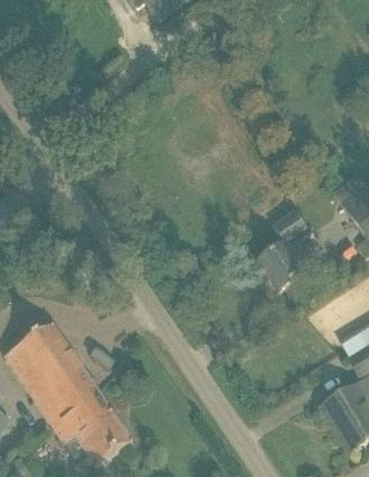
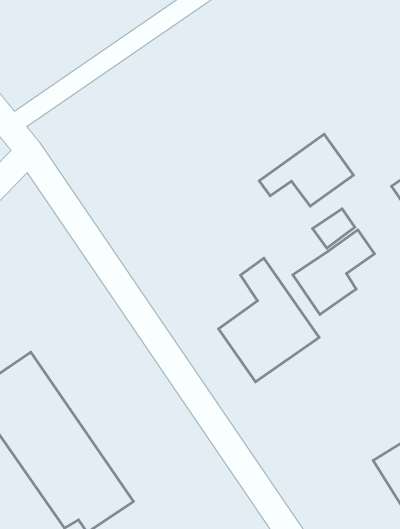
building: none -> [259,134,354,206]
building: none -> [219,258,319,382]

